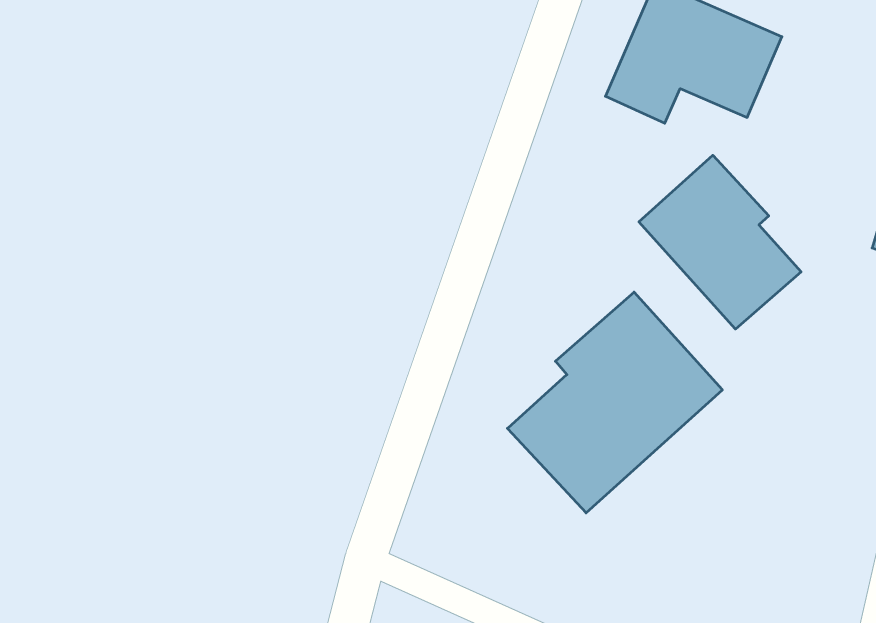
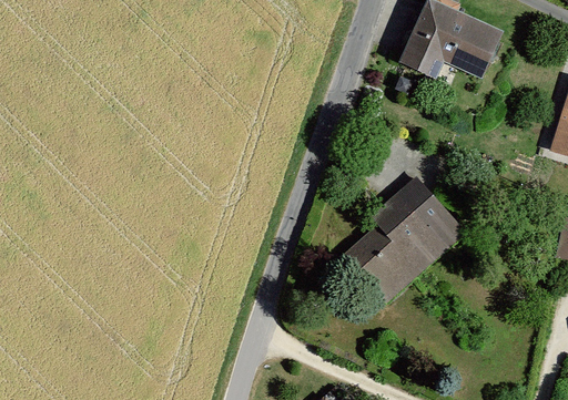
building: [639,155,801,329] -> none

